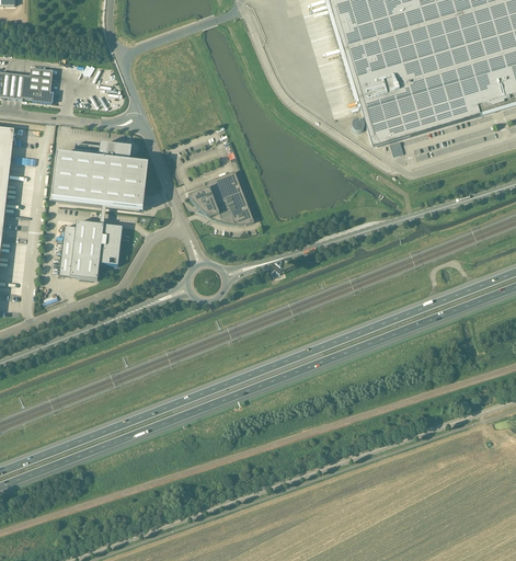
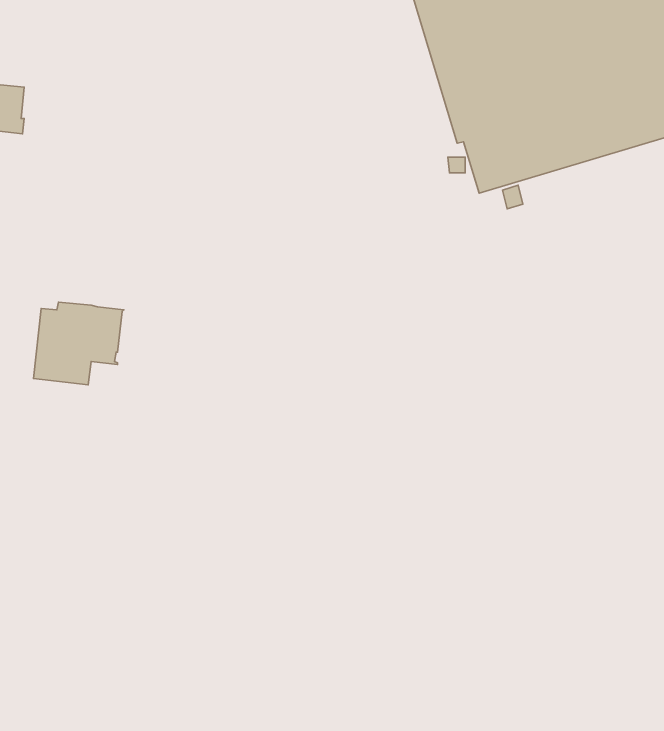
building: [53,141,145,224] -> none
building: [188,170,254,222] -> none

